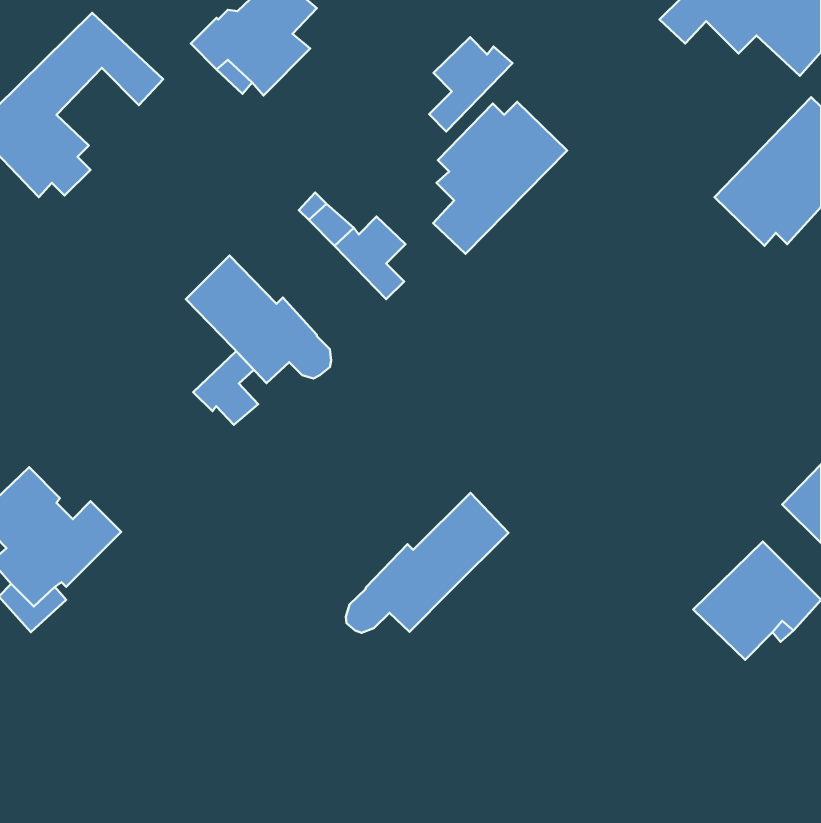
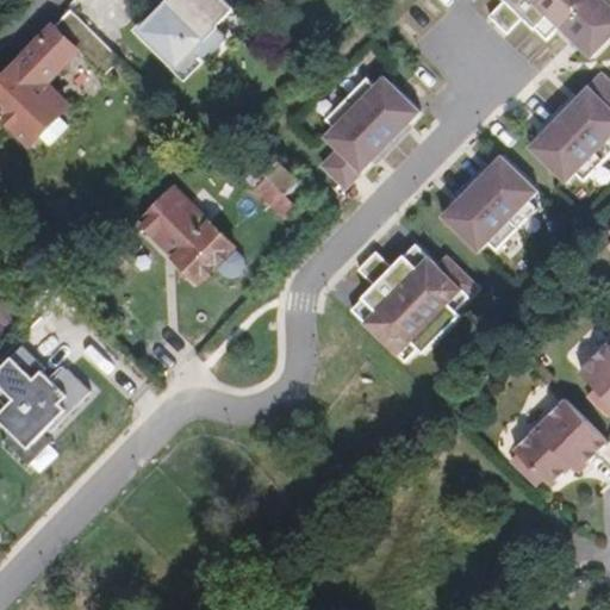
building: [429,37,512,131] -> none
building: none -> [440,154,535,250]
building: none -> [349,242,475,361]
building: [193,351,258,425] -> none
building: [346,493,508,633] -> none

